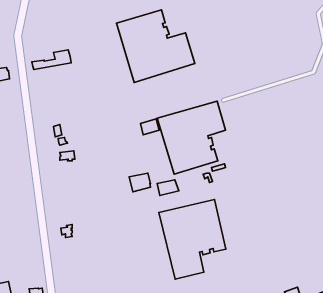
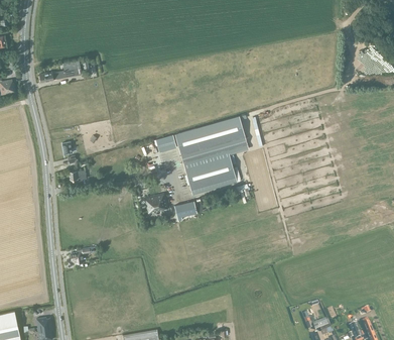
building: [116,10,195,83] -> none
building: [159,200,226,279] -> none

